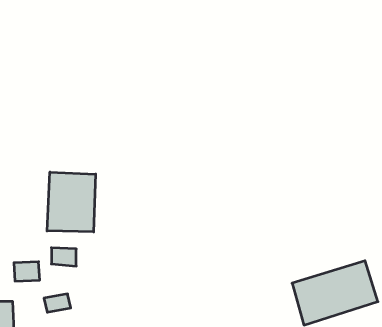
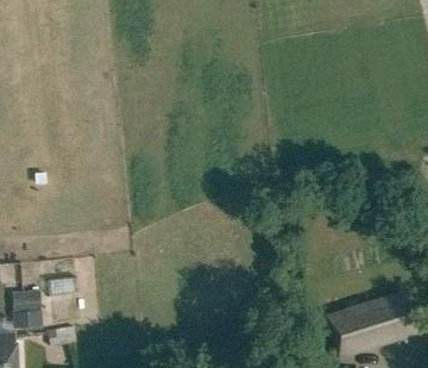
building: [47,172,96,232] -> none

